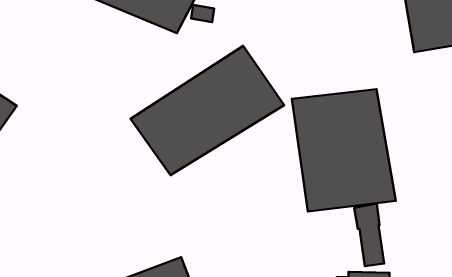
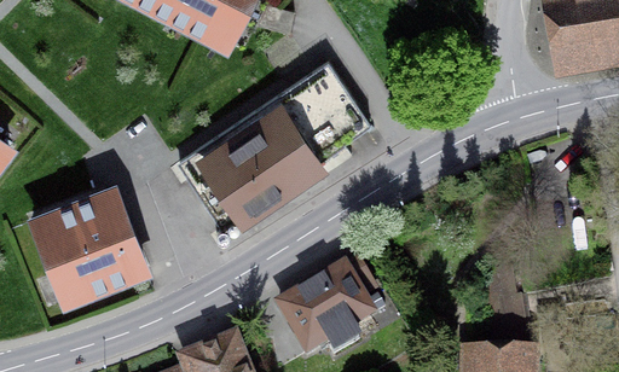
building: [292,89,396,212] -> none
building: none -> [25,179,157,310]
building: none -> [274,265,368,354]

